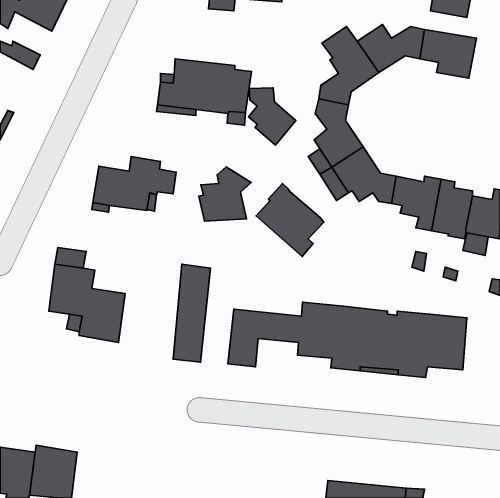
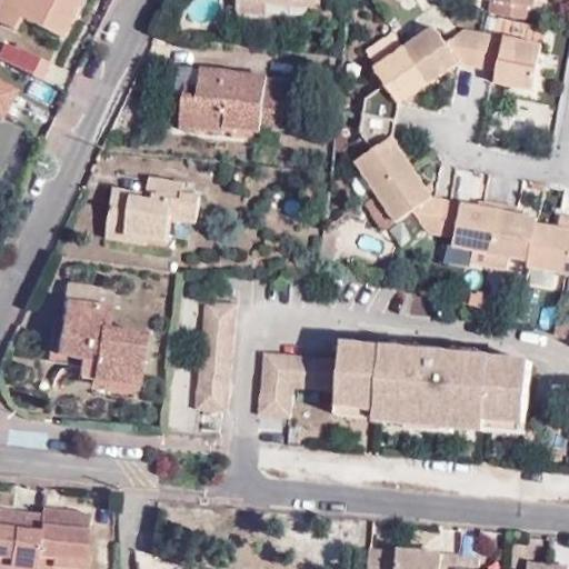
building: [248,88,296,145] -> none
building: [199,167,251,221] -> none
building: [256,184,324,257] -> none

